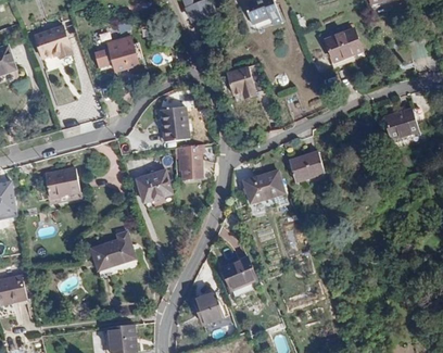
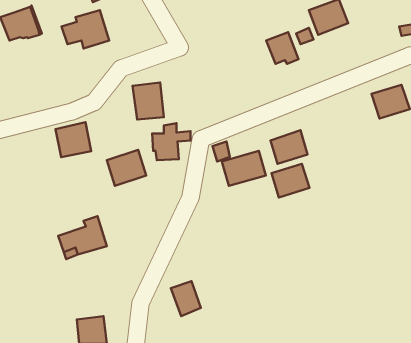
building: [225,67,255,97] -> [266,32,299,64]
building: [45,166,78,199] -> [55,122,91,157]
building: none -> [271,164,309,197]
building: [220,256,260,298] -> none

